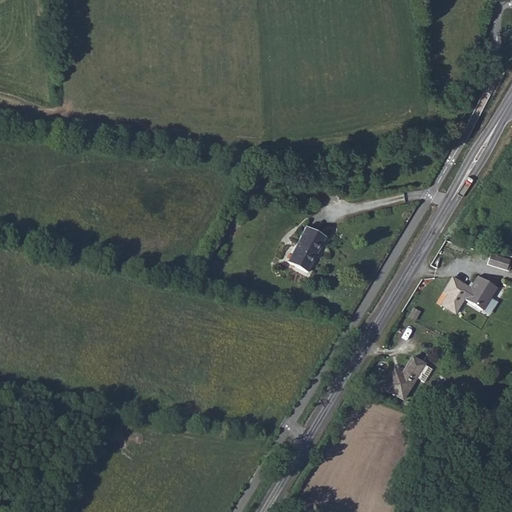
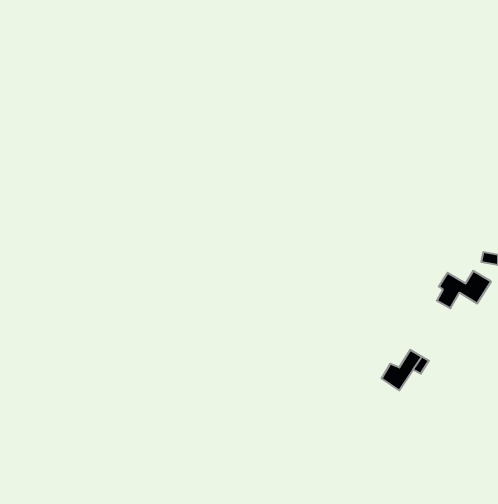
building: [292,232,325,272] -> none

